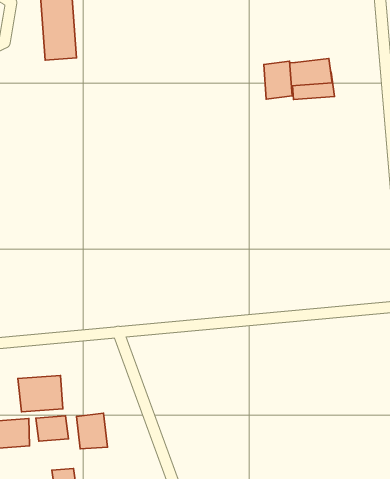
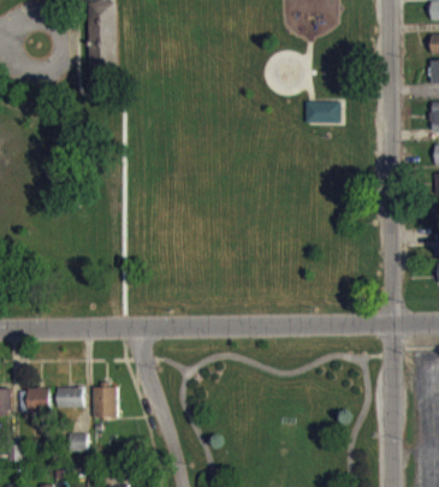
building: [264,61,292,99] -> none
building: [18,375,63,412] -> none

